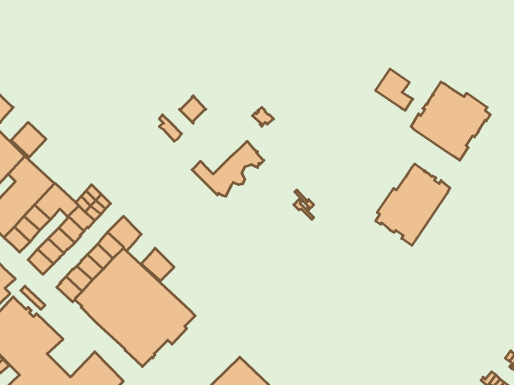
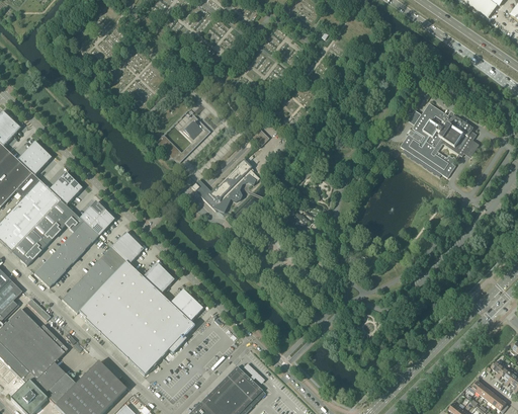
building: [376,69,413,110] -> none
building: none -> [50,172,82,204]
building: [376,164,450,245] -> none
building: none -> [170,289,202,321]

